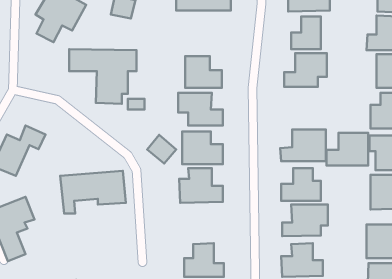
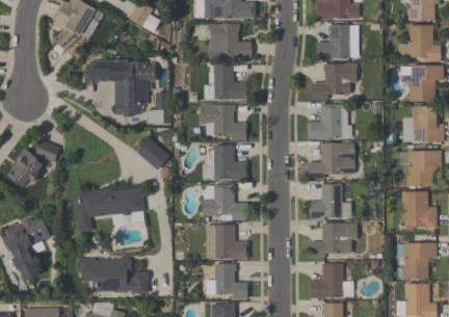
building: none -> [210,24,252,58]
building: [327,133,368,166] -> [308,104,351,138]
building: [147,135,176,164] -> [137,138,167,168]
building: none -> [205,224,247,259]
building: none -> [78,258,149,292]

